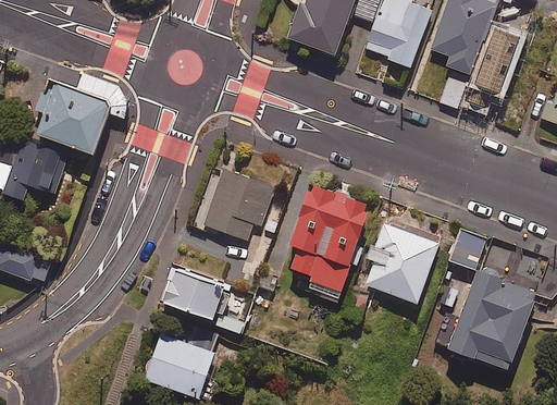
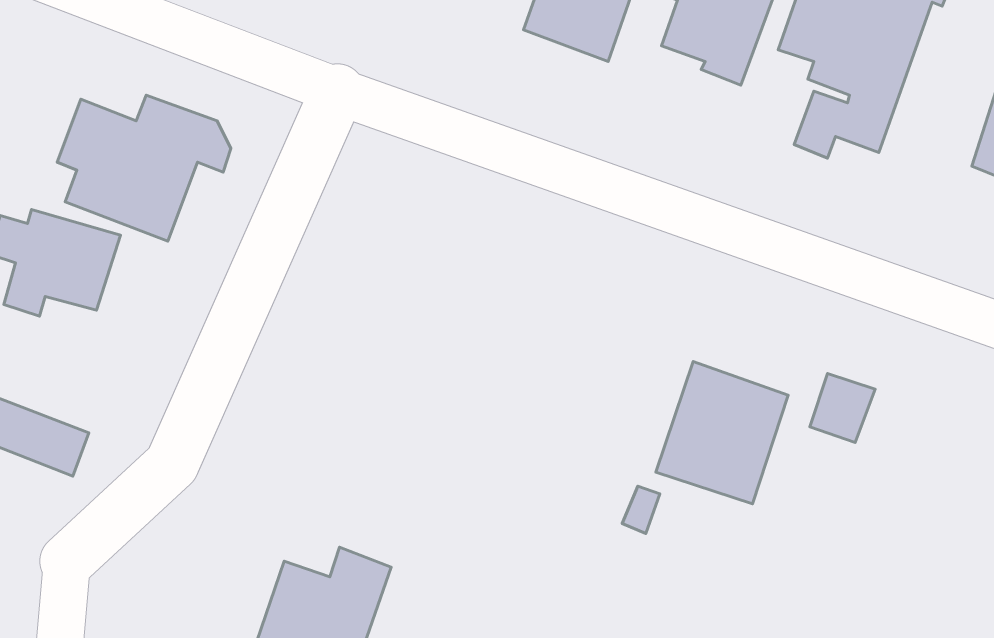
building: [205,170,274,240] -> none
building: [287,183,369,296] -> none
building: [162,268,223,318] -> none
building: [448,273,535,369] -> none

